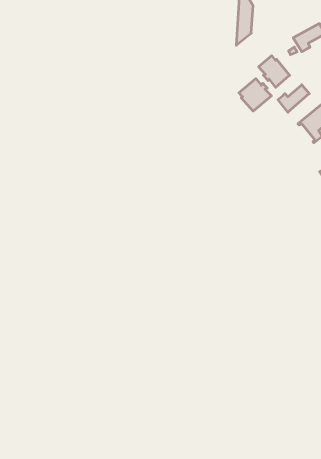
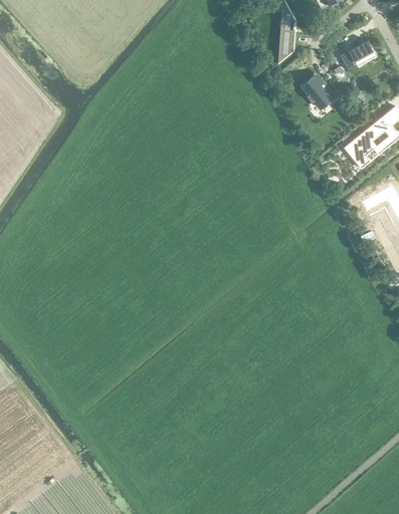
building: [239,79,271,111] -> none
building: [278,85,309,112] -> none

